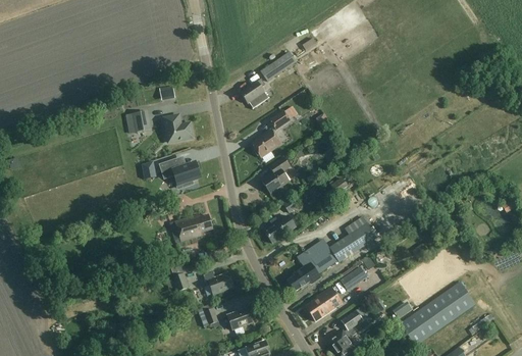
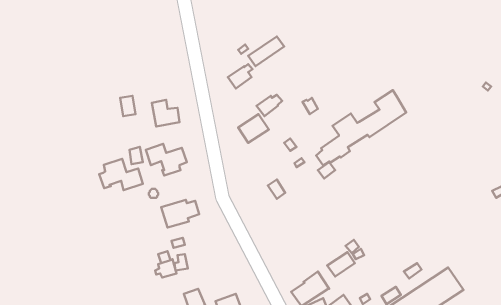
building: [261,156,290,194] -> none
building: none -> [99,159,143,190]
building: [263,215,295,242] -> none
building: [286,215,376,291] -> [316,90,406,166]
building: [204,271,233,294] -> none

